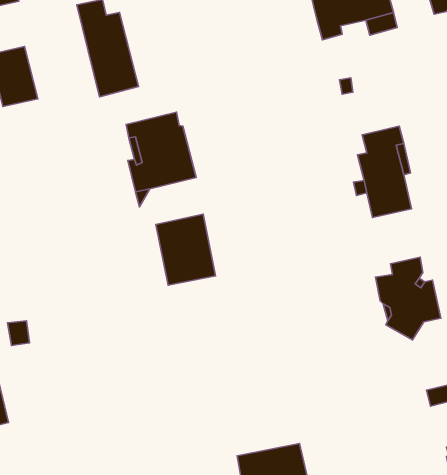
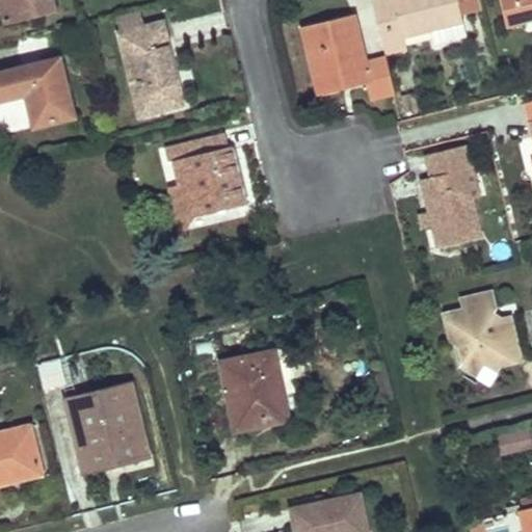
building: none -> [302,17,395,97]
building: [156,214,216,285] -> [221,351,287,429]
building: none -> [65,382,150,472]

